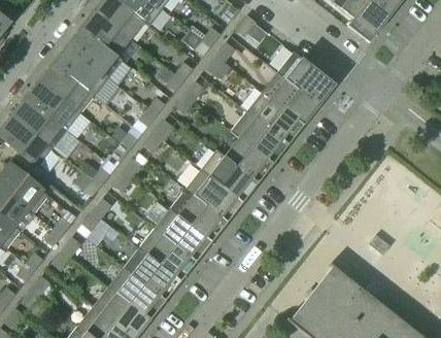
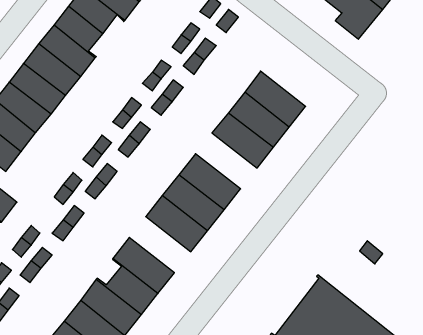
building: [276,52,335,105] -> none
building: [215,130,273,182] -> none
building: [154,208,211,261] -> none

